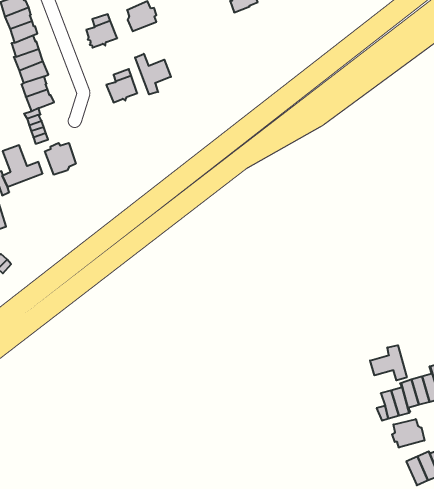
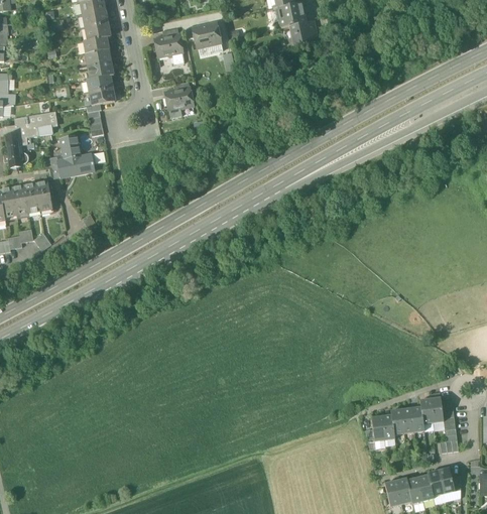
building: [135,54,171,94] -> none
building: [45,143,76,175] -> none
building: [370,345,407,380] -> none
building: [392,419,424,448] -> none

